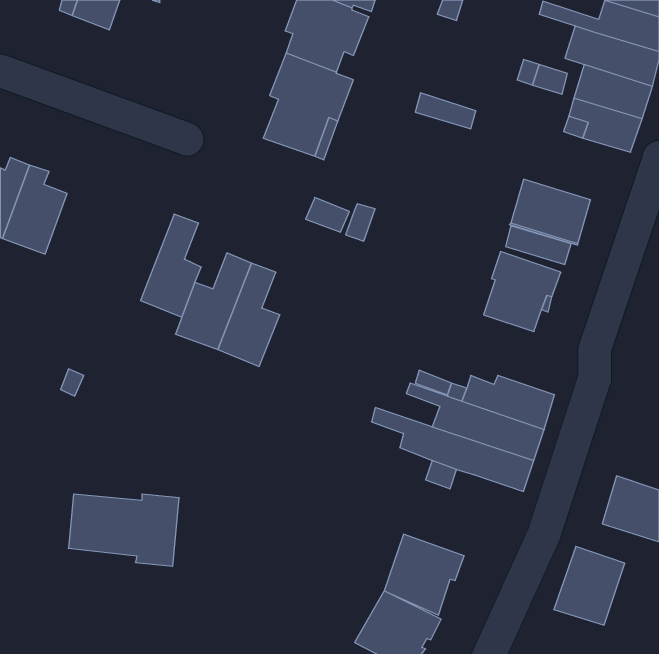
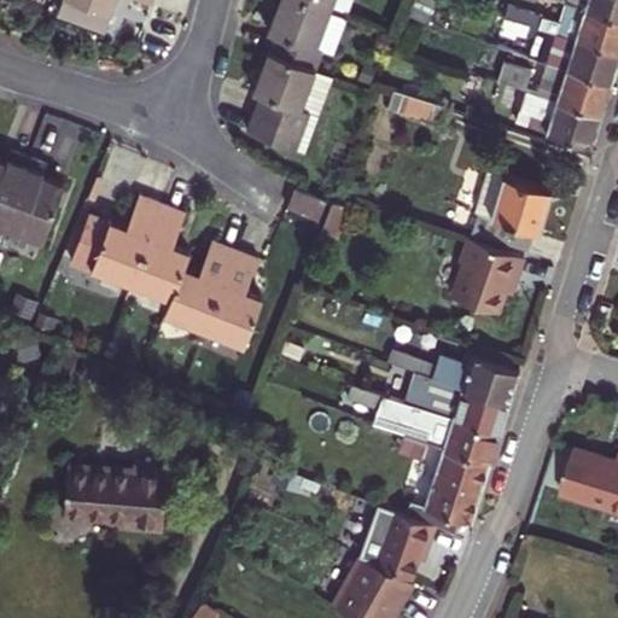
building: none -> [71,197,163,286]
building: [554,546,625,625] -> [424,449,490,523]

